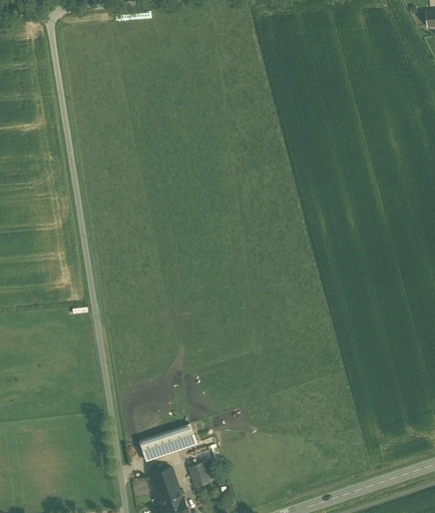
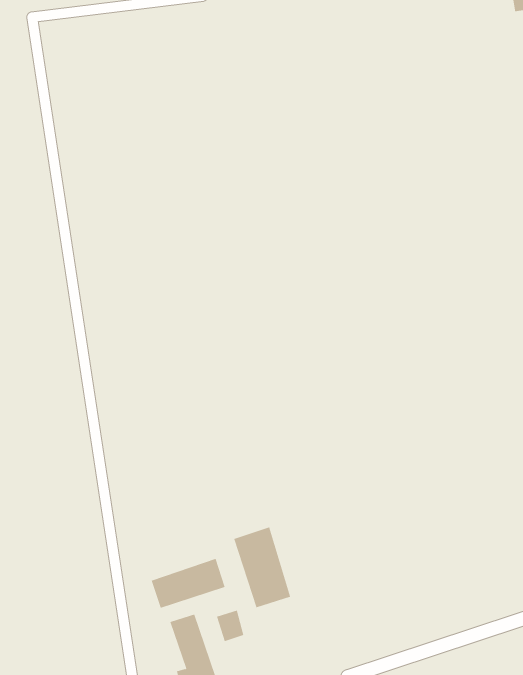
building: none -> [233,526,291,608]

